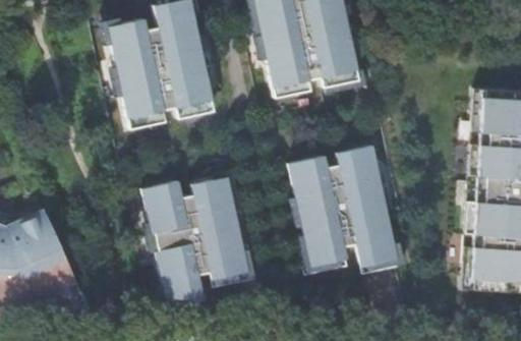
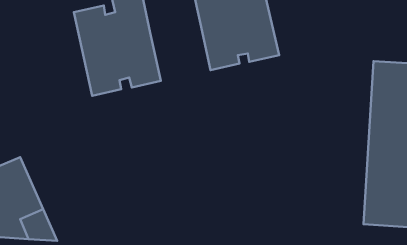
building: [289,146,398,276] -> none
building: [142,177,257,301] -> none

